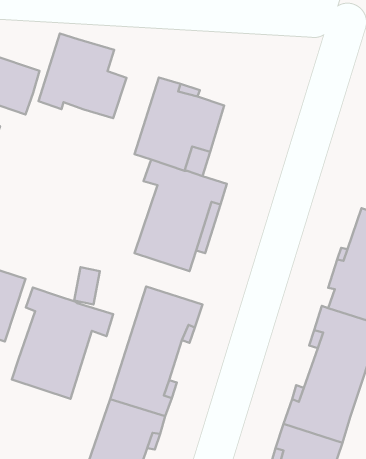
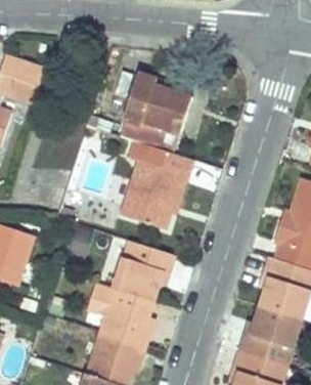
building: [38,33,126,118] -> none
building: [12,287,113,399] -> none

